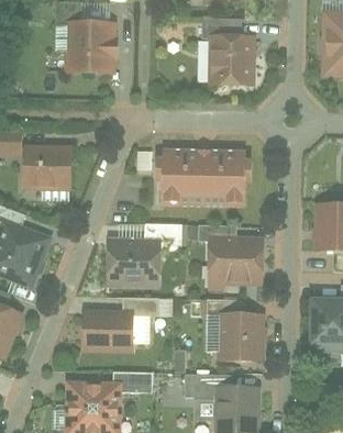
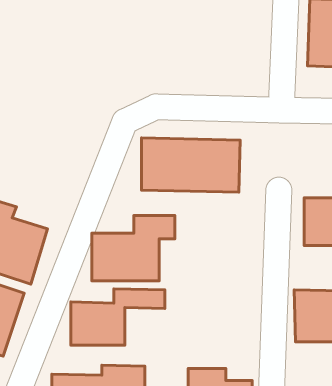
building: [79,18,121,75] -> none
building: [197,18,258,91] -> none
building: [18,143,73,199] -> none
building: [200,225,265,286] -> none
building: [207,312,263,364] -> none

